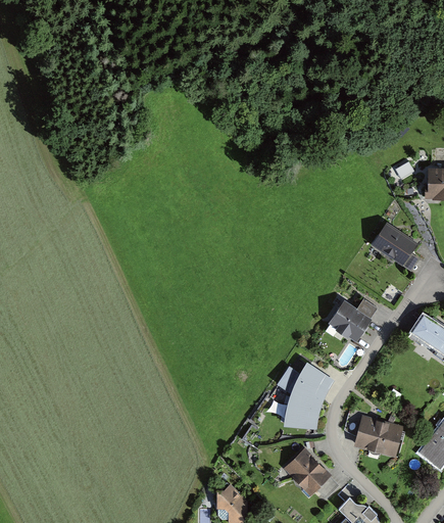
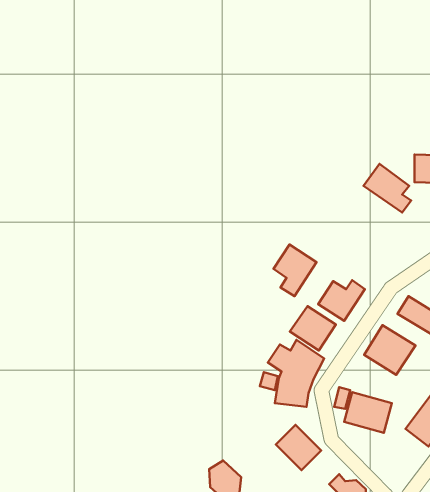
building: [371,220,420,270] -> [364,164,411,212]
building: none -> [273,245,317,296]
building: none -> [290,306,336,350]
building: none -> [364,325,416,375]

